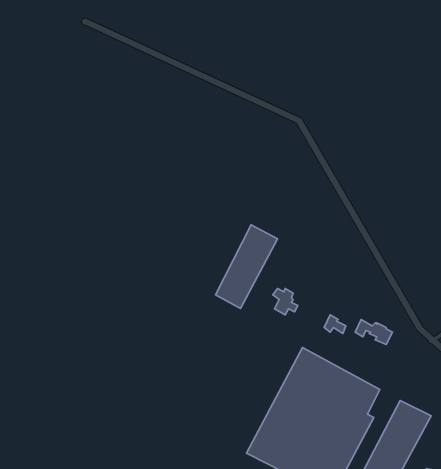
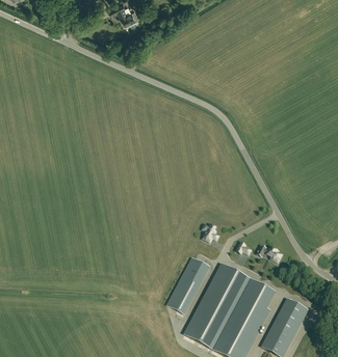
building: [216,225,278,309] -> [167,257,209,313]

